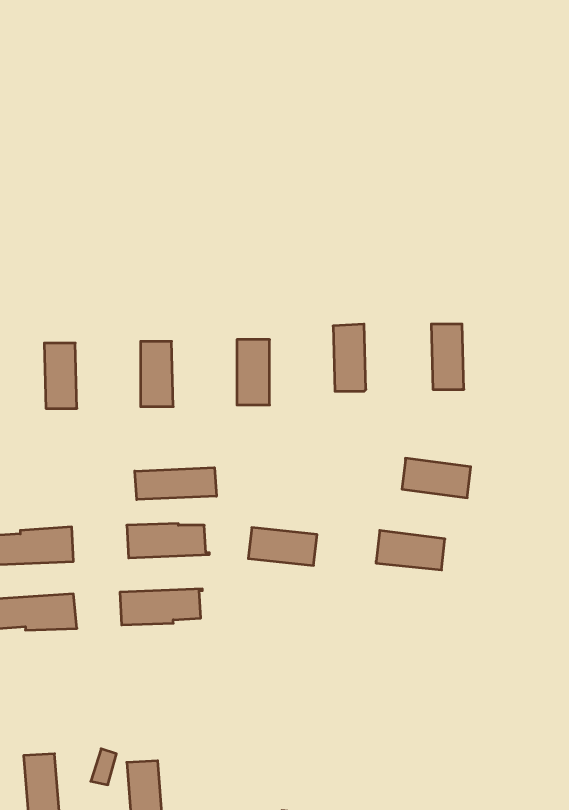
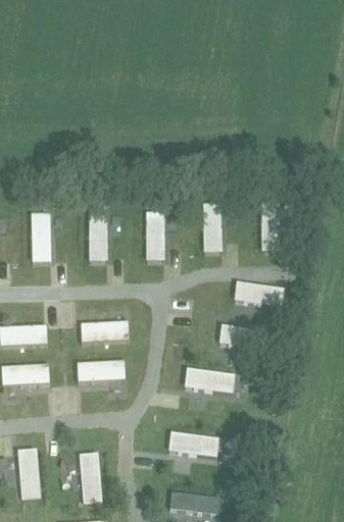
building: [135,468,216,500] -> none
building: [248,528,317,565] -> [193,370,234,393]
building: none -> [178,433,218,457]

